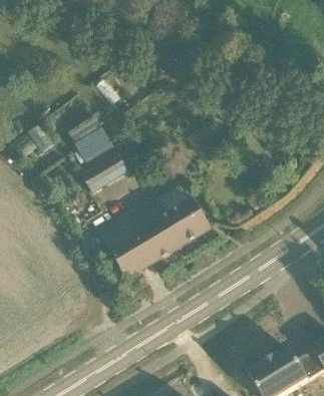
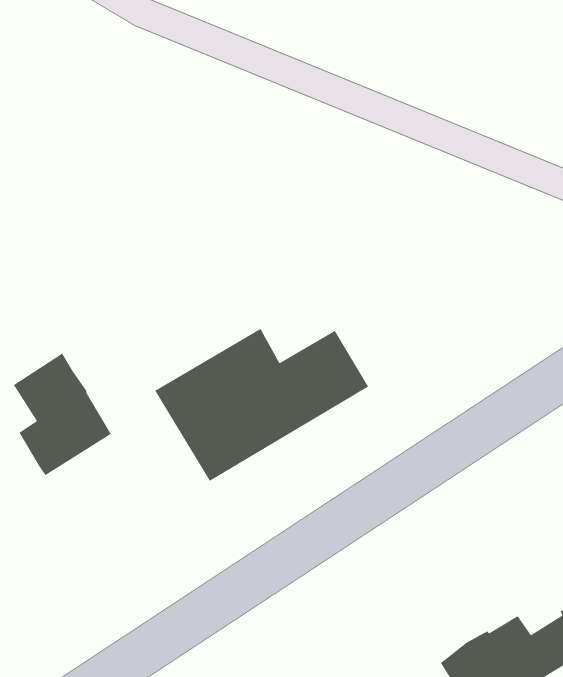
building: [75,126,127,191] -> [13,352,112,476]

